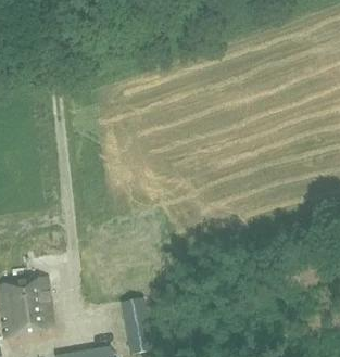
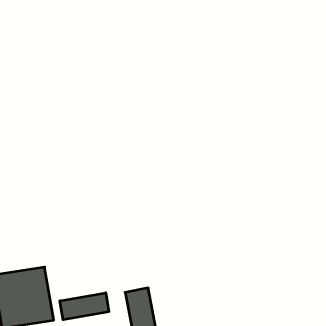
building: none -> [60,293,109,320]

